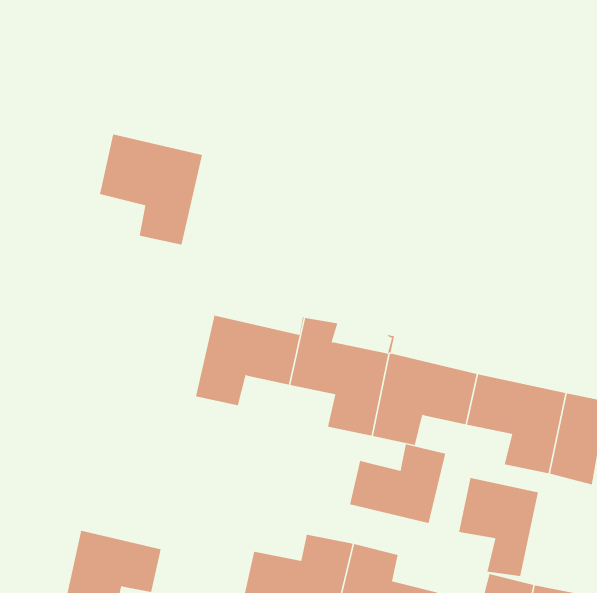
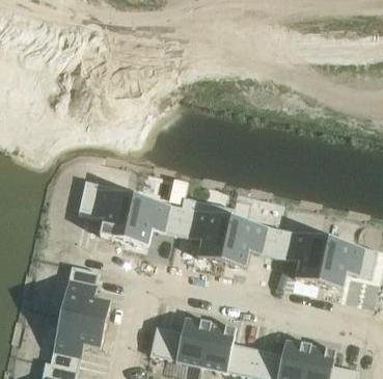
building: [99,134,203,245] -> [78,180,135,241]
building: none -> [60,265,110,325]
building: [350,443,446,524] -> none
building: [458,477,539,577] -> none

